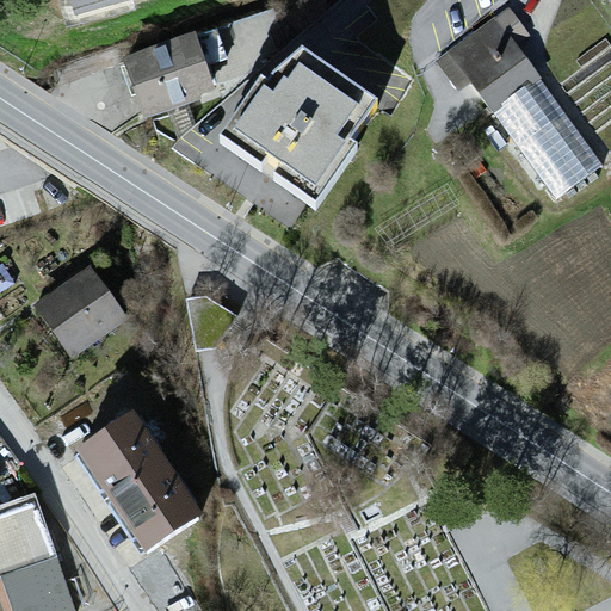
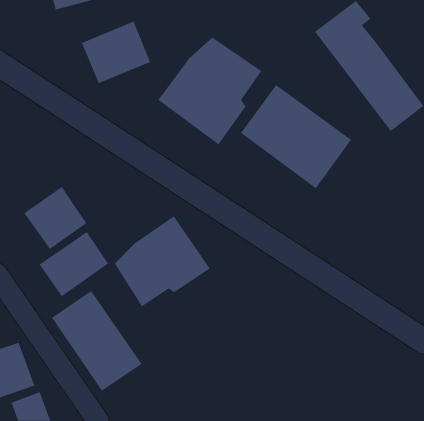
building: none -> [240,84,352,189]
building: none -> [114,216,210,307]
building: none -> [39,231,109,297]

